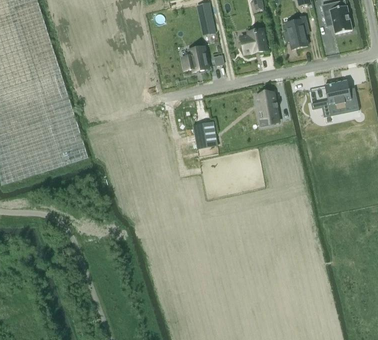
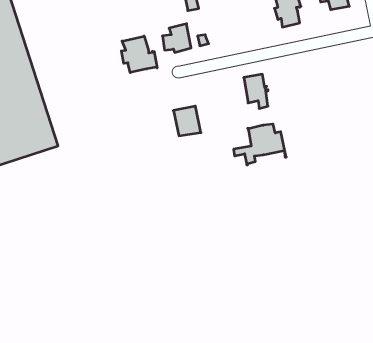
building: [241,28,267,52] -> none
building: none -> [121,36,157,73]
building: [311,79,359,116] -> [234,124,286,165]

